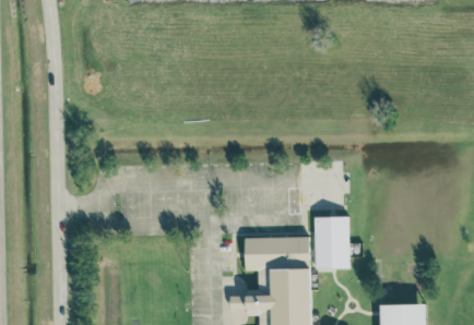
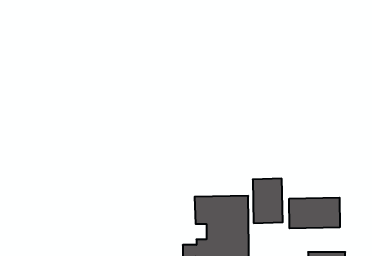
building: none -> [289,198,340,228]

